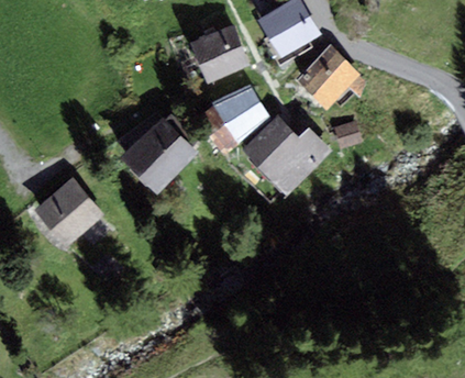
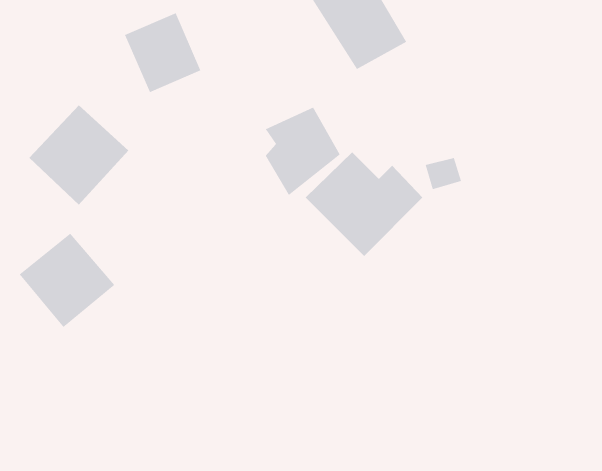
building: [190,22,247,81] -> [124,13,201,93]
building: [297,44,358,105] -> none
building: [122,116,197,191] -> [28,105,129,205]

